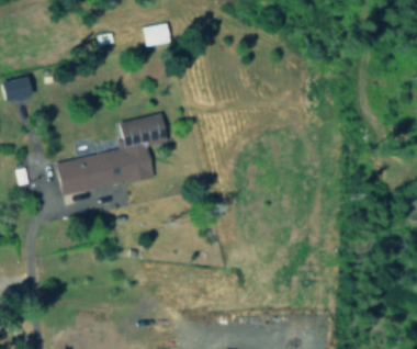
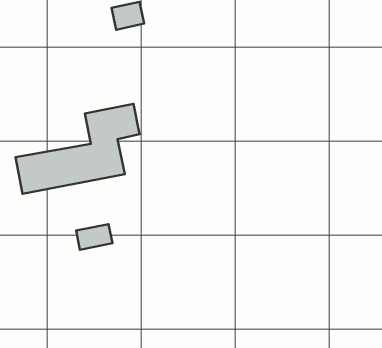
building: none -> [76,224,112,250]

